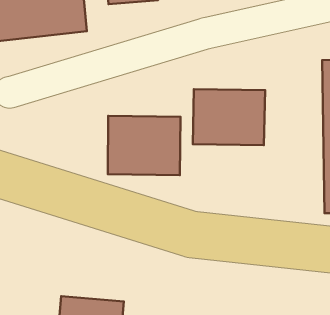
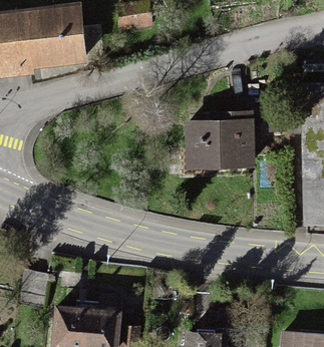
building: [108,116,180,175] -> none

